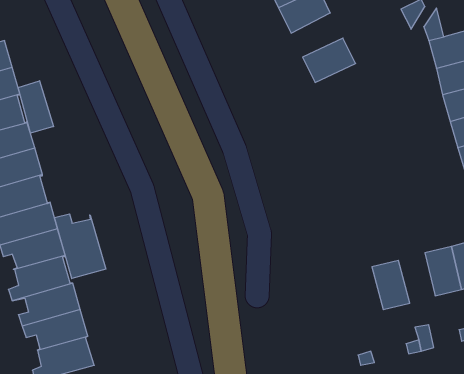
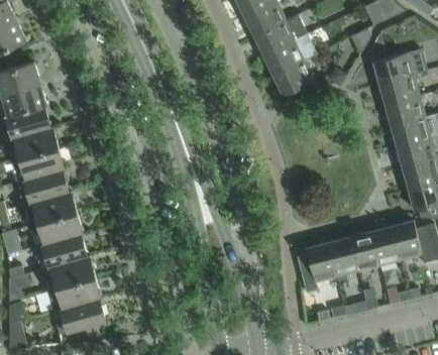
building: none -> [263,33,317,75]
building: [18,81,54,133] -> none
building: [54,214,106,279] -> none
building: none -> [349,231,378,271]
building: none -> [297,242,337,292]

